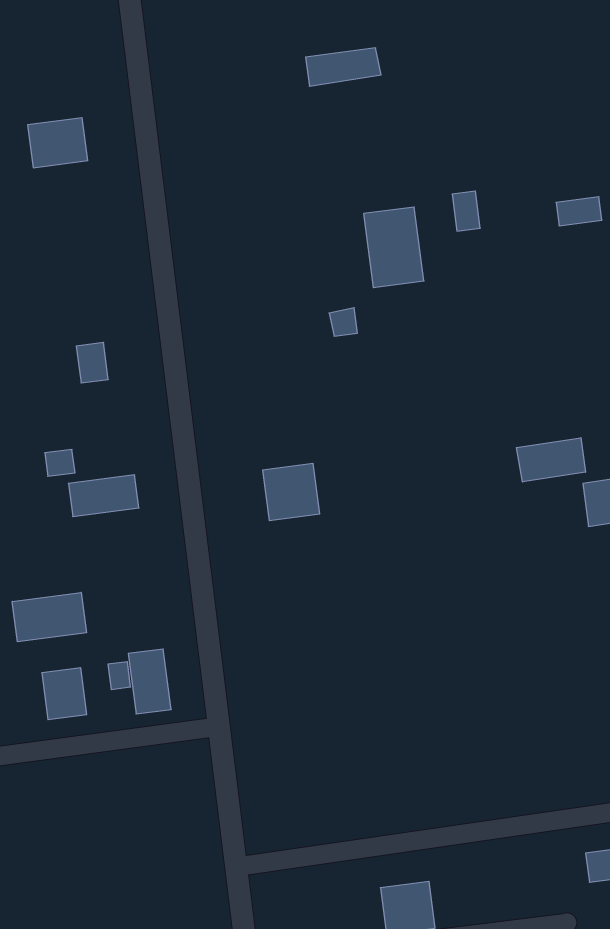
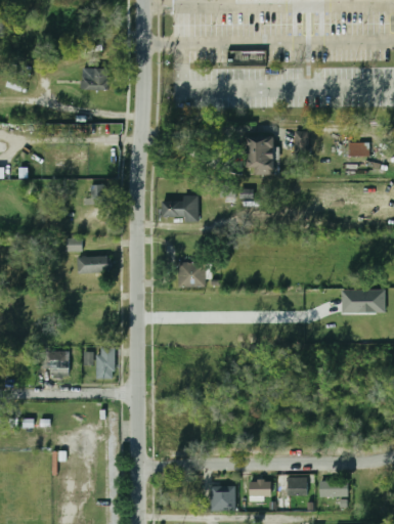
building: none -> [161,198,196,219]
building: [516,438,585,482] -> none
building: [12,592,86,642] -> none
building: none -> [275,478,306,508]
building: none -> [249,480,270,497]

